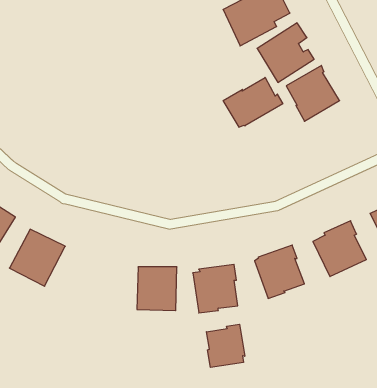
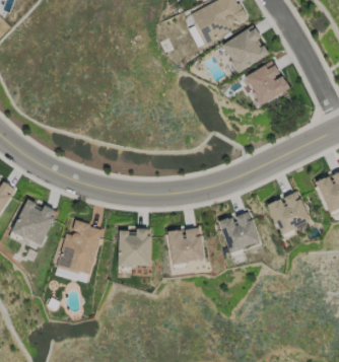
building: [223,77,283,127] -> none
building: none -> [55,220,103,274]
building: [206,324,245,367] -> none

